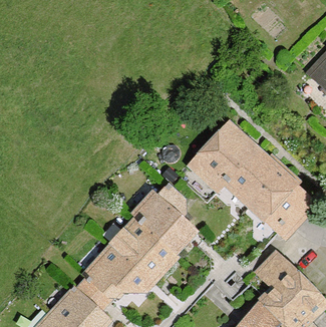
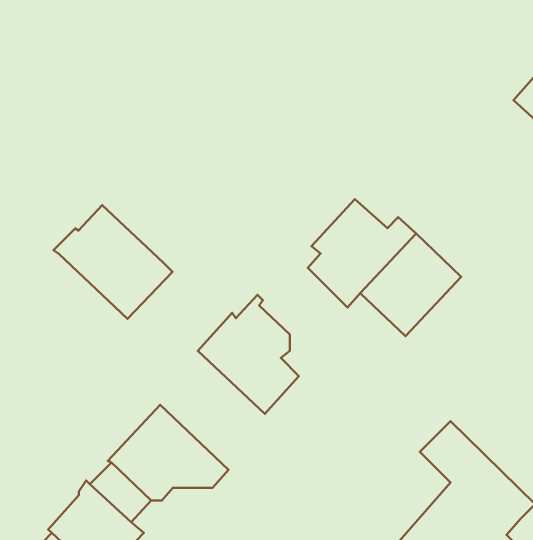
building: [251,174,308,231] -> none
building: [111,218,178,281] -> [53,205,172,319]

